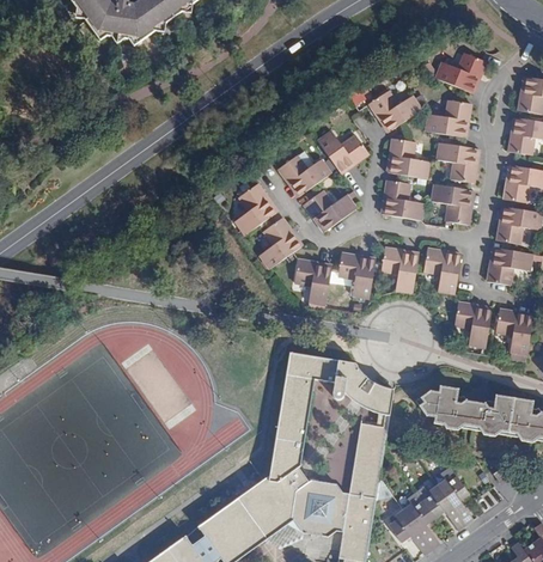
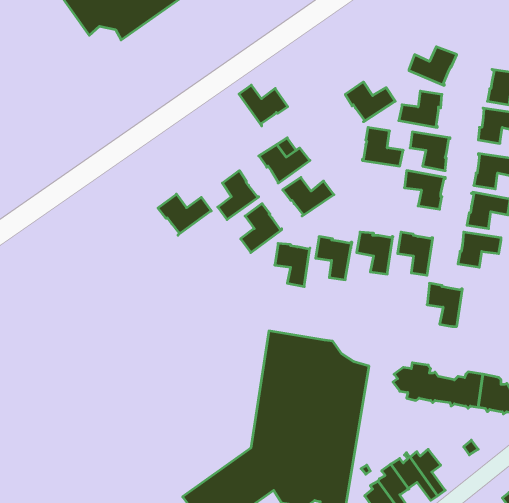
building: [317,130,368,173] -> [239,85,288,126]
building: [382,179,423,220] -> none
building: none -> [158,194,211,235]
building: [495,309,533,354] -> none

